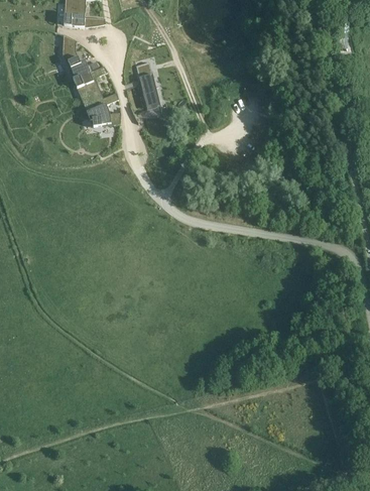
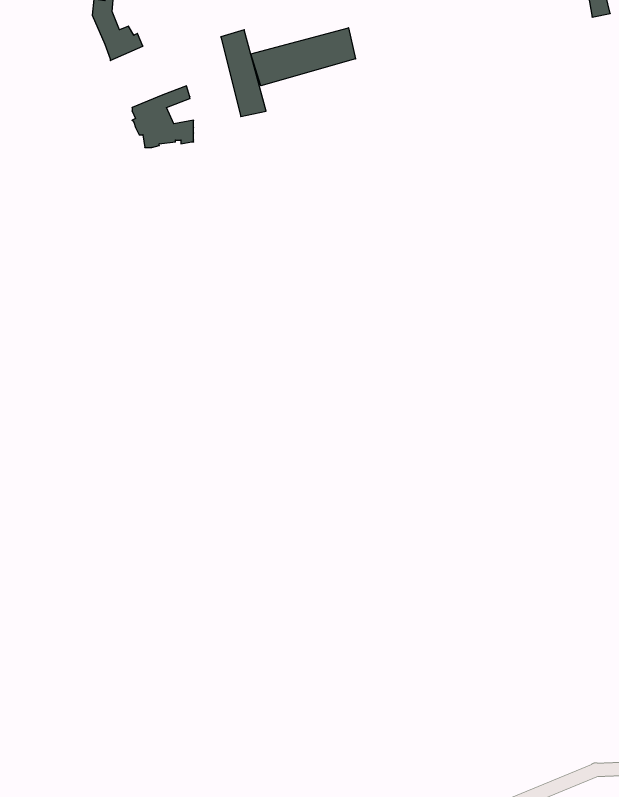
building: none -> [251,28,356,86]
building: [74,68,104,104] -> none

